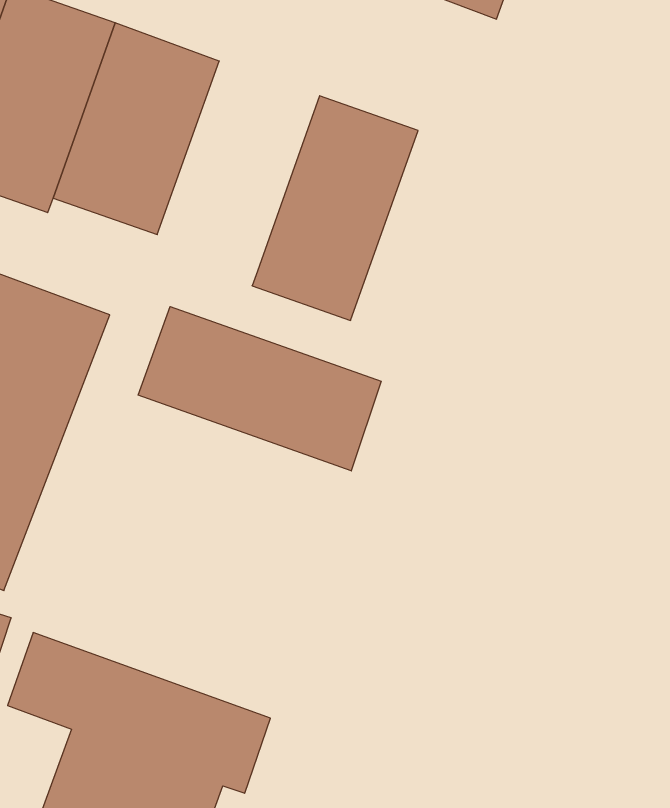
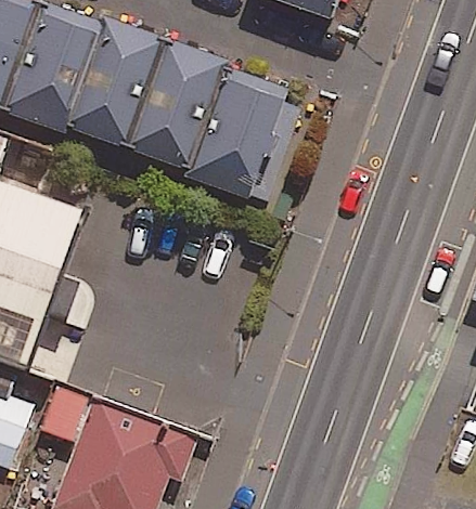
building: none -> [127,45,223,170]
building: [138,307,381,471] -> none

